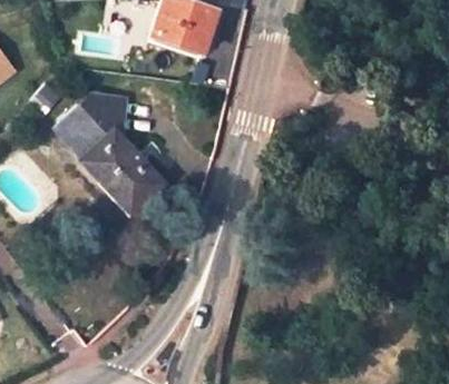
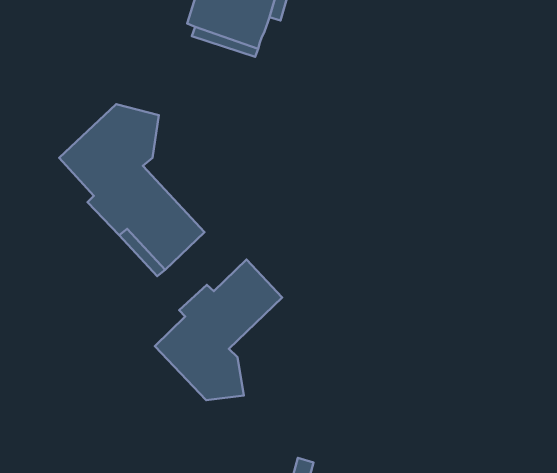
building: none -> [155,259,282,400]

